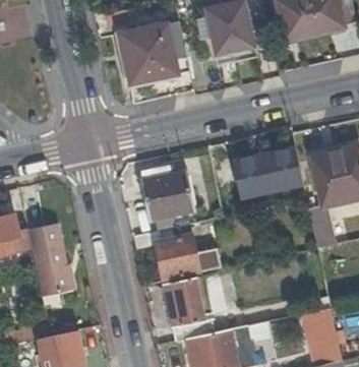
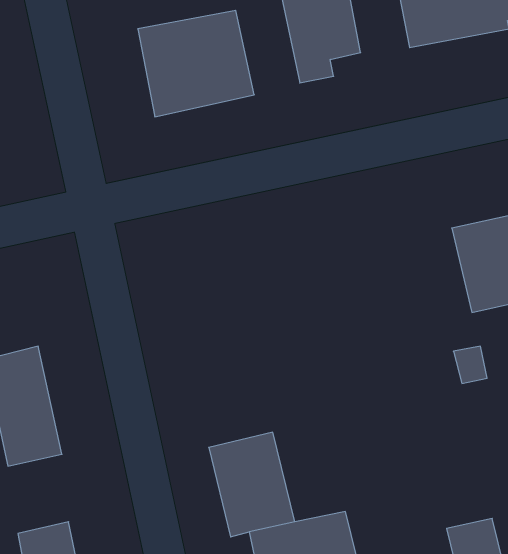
building: [231,146,298,195] -> none
building: [133,166,194,219] -> none
building: [153,223,221,276] -> none

